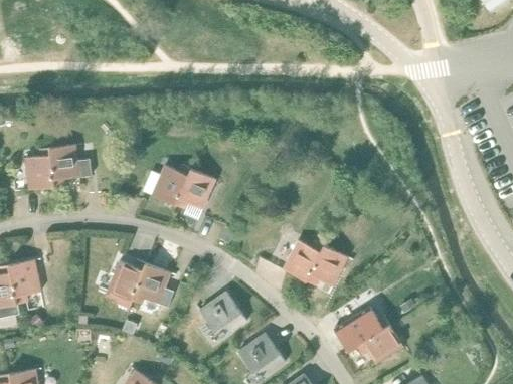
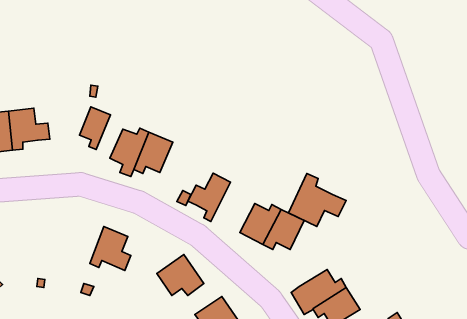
building: none -> [80,107,111,149]
building: none -> [188,173,231,221]
building: none -> [289,173,346,227]
building: [106,259,146,309] -> none

